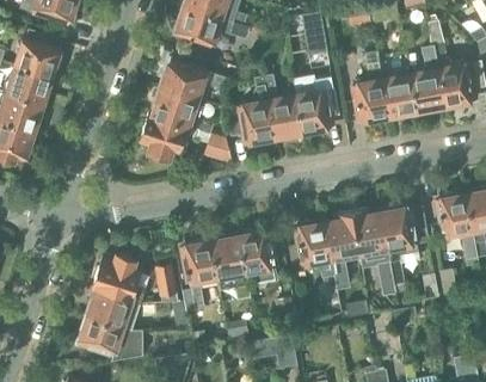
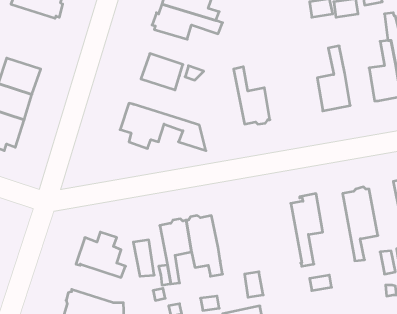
building: [300,12,326,55] -> none
building: [16,32,62,78] -> none
building: [293,76,337,134] -> none
building: [382,76,414,117] -> none
building: [226,78,273,144] -> none
building: [153,88,213,134] -> none
building: [351,209,395,295] -> none
building: [295,223,336,290] -> none
building: [238,232,277,285] -> none
building: [86,289,140,331] -> none

